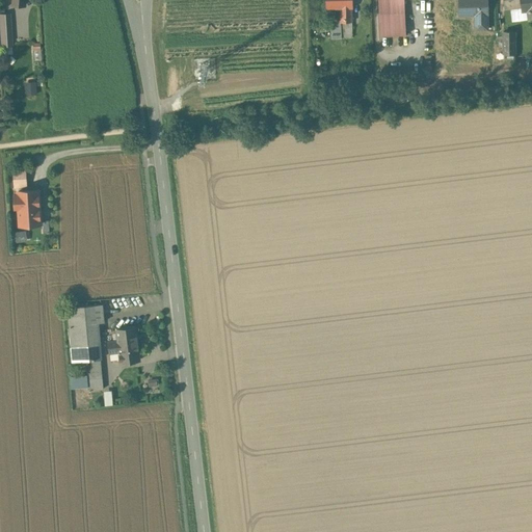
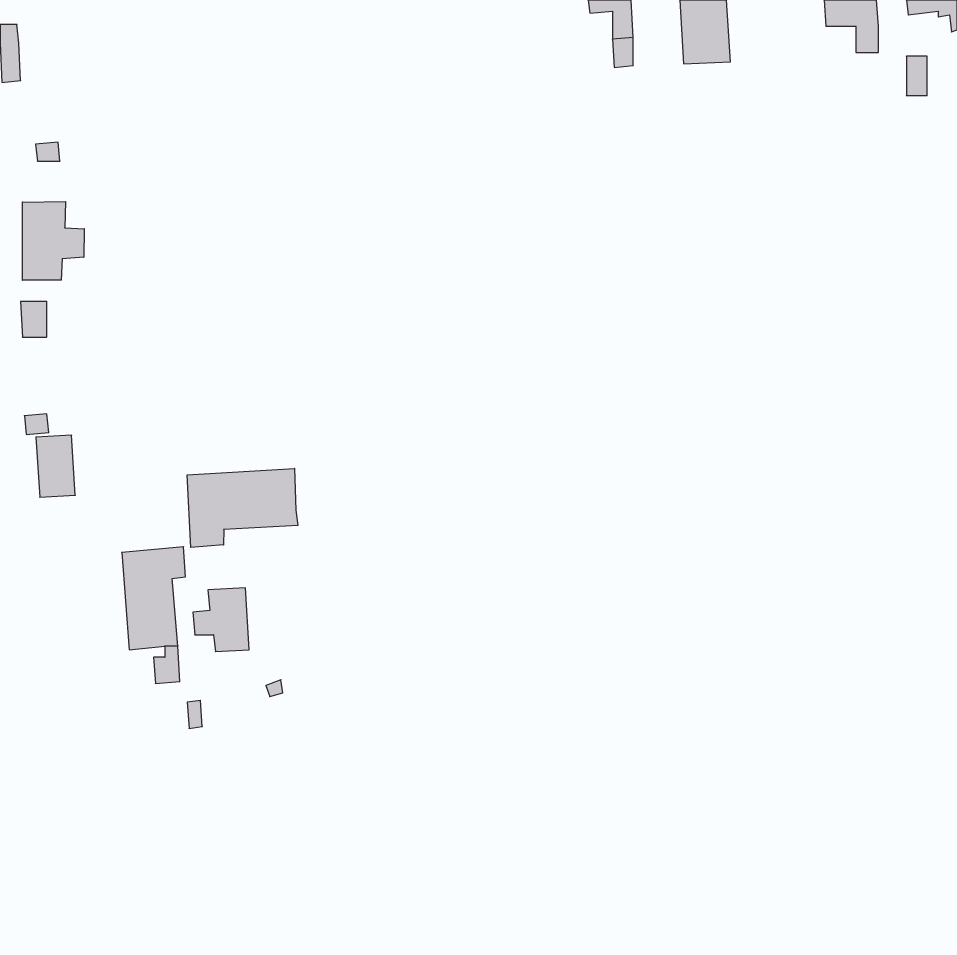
building: none -> [22,202,84,280]
building: [18,191,39,225] -> [36,435,75,497]
building: none -> [187,468,298,547]

